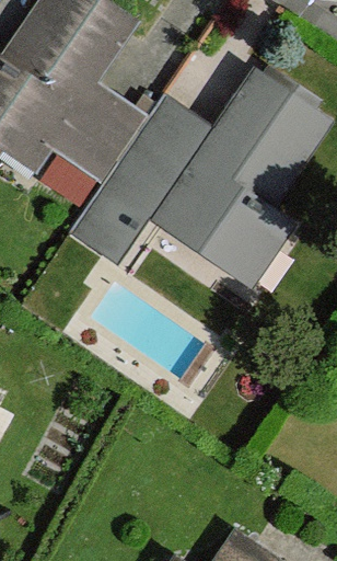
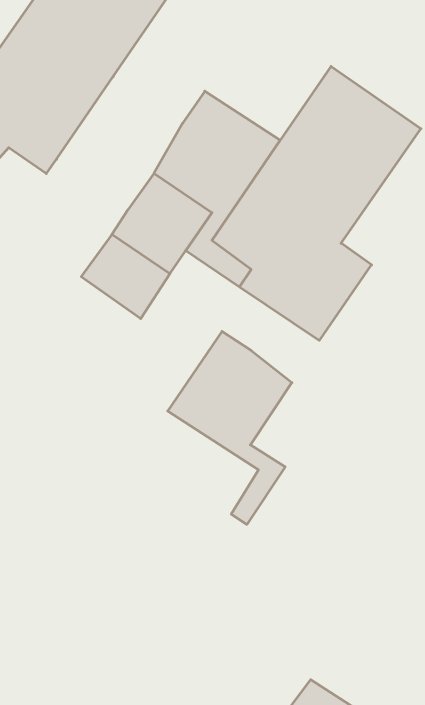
building: [50,82,146,183] -> none
building: none -> [168,331,292,524]

